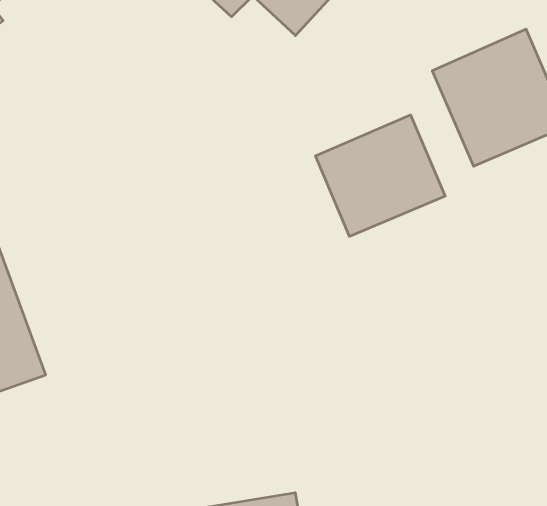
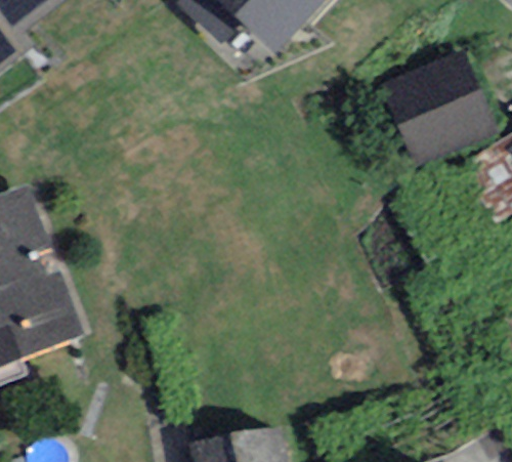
building: [315,115,445,236] -> none

